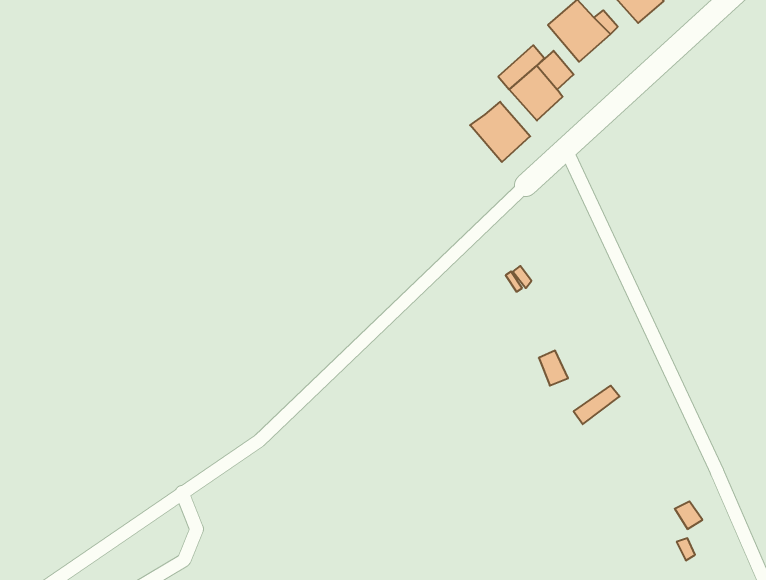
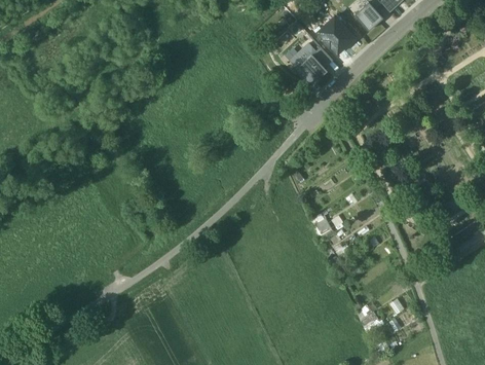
building: [470,102,530,162] -> none

